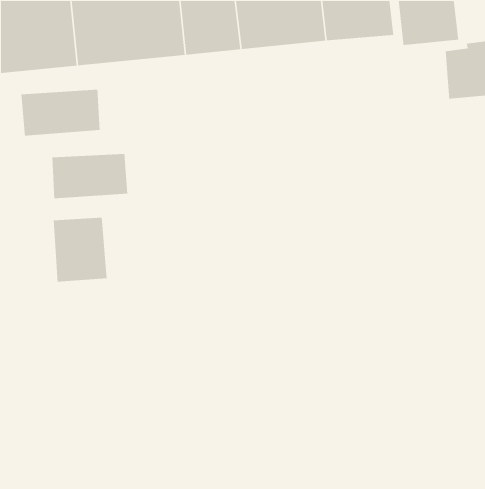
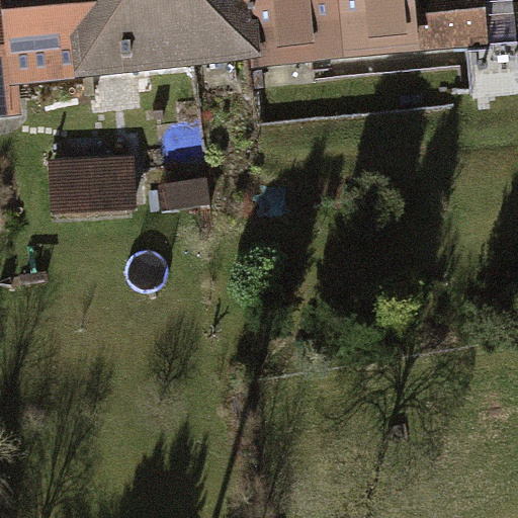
building: [21,89,100,136] -> none
building: [53,217,107,283] -> none

